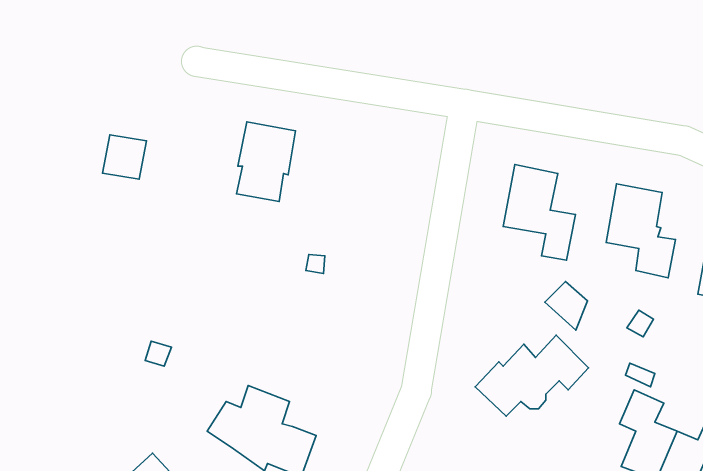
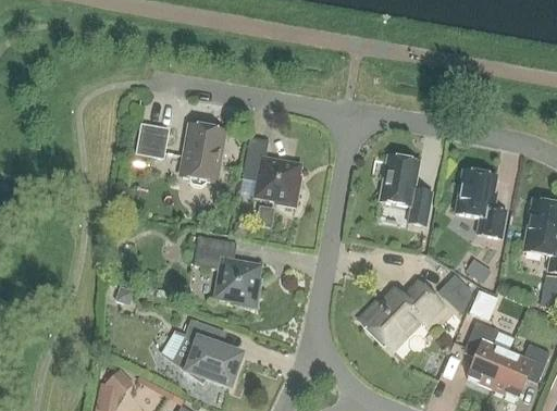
building: [102,135,147,179] -> [137,124,170,157]
building: none -> [243,137,301,207]
building: none -> [194,235,262,308]
building: [545,282,588,330] -> [440,275,471,311]

